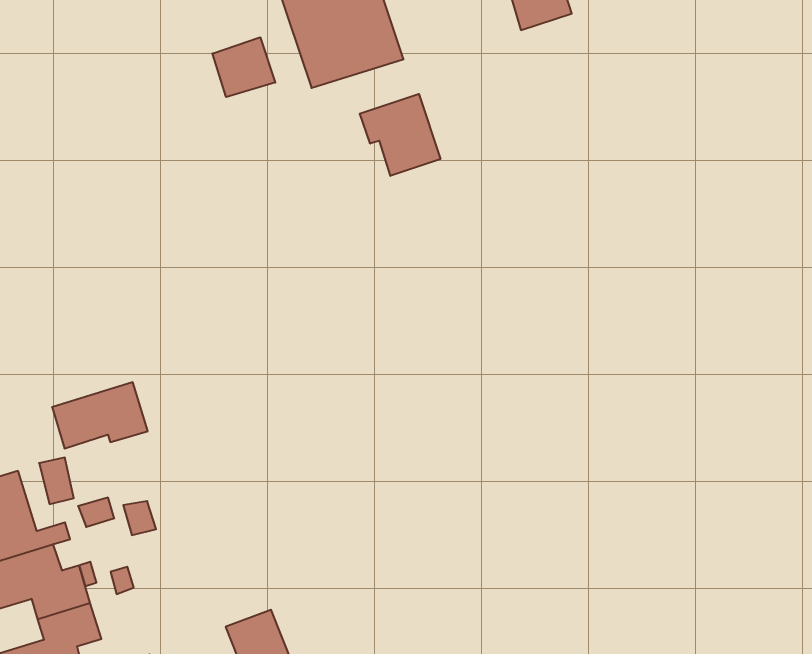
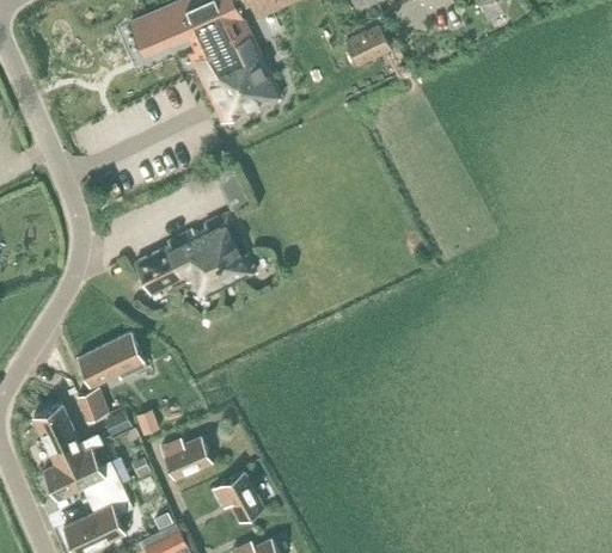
building: [212,37,275,97] -> none
building: [360,94,440,176] -> none
building: none -> [135,213,256,297]
building: none -> [160,437,212,479]

